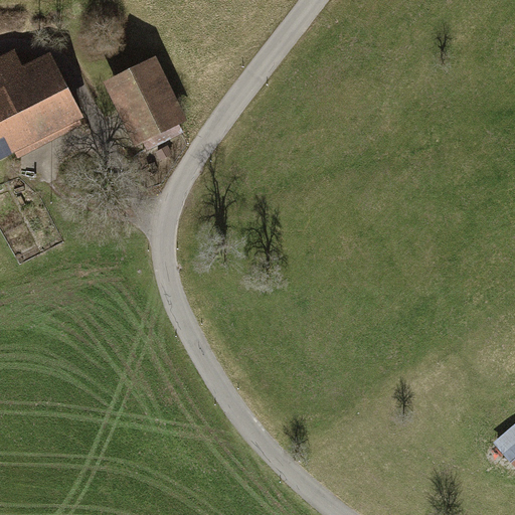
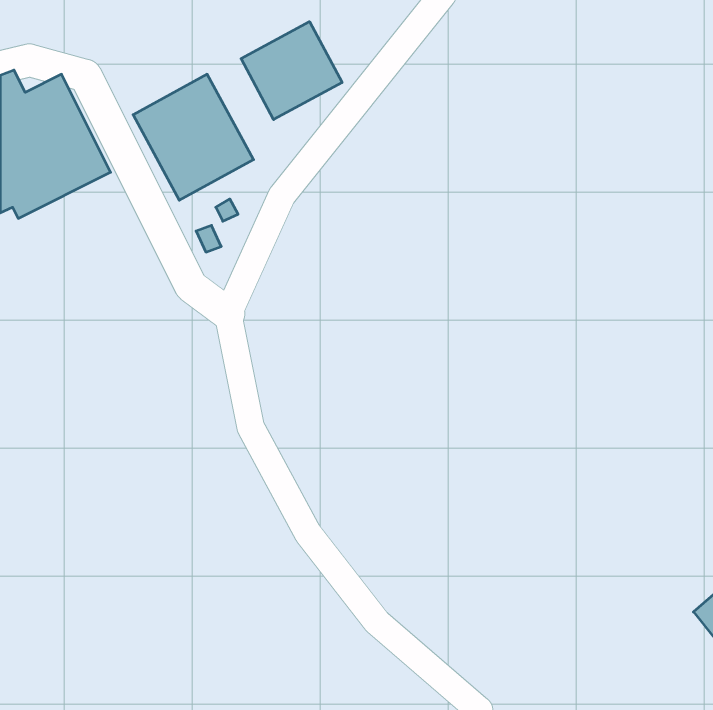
building: none -> [241,22,342,120]

